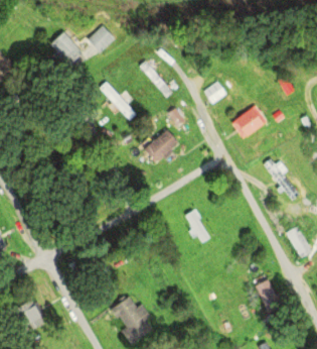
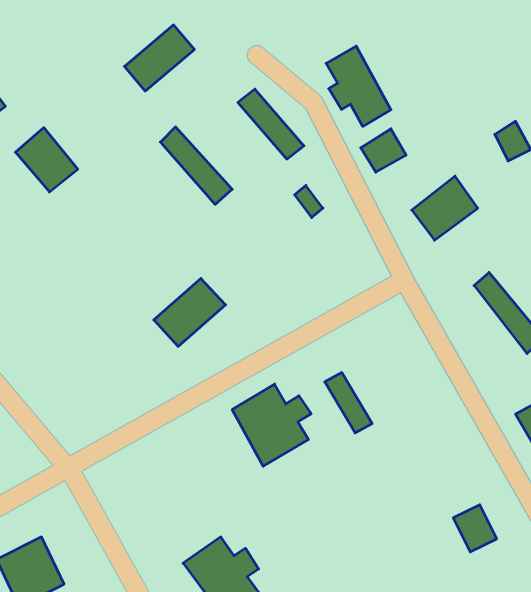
building: [48,33,82,68] -> [15,128,78,192]
building: none -> [326,46,391,126]
building: [141,129,179,165] -> [154,278,226,346]
building: none -> [232,384,311,466]

